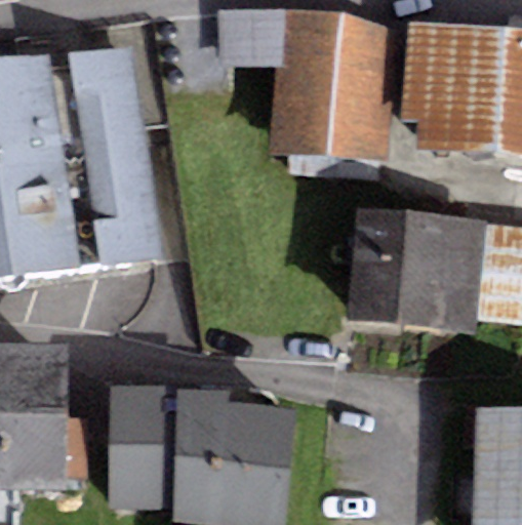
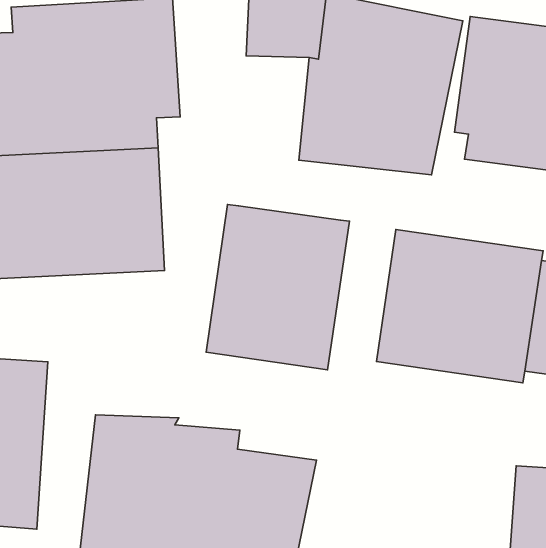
building: none -> [206,205,349,370]

